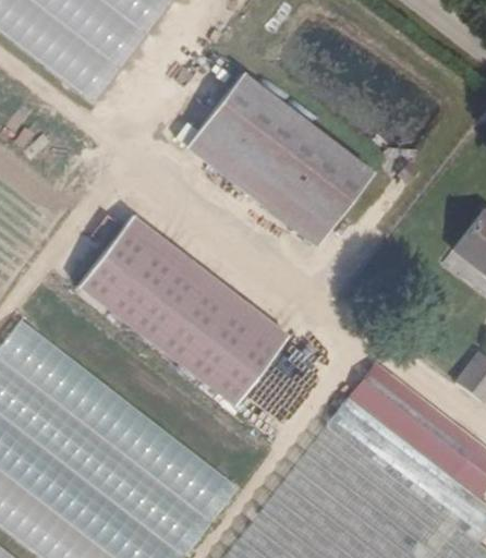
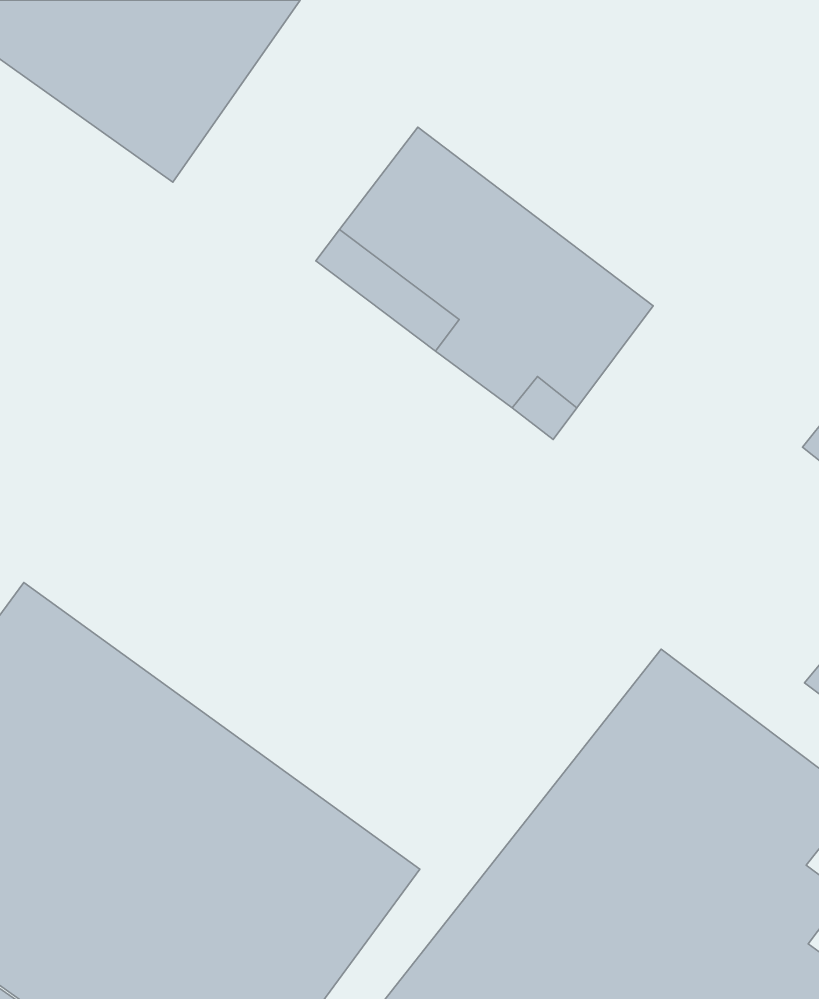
building: [77,215,288,403] -> none

